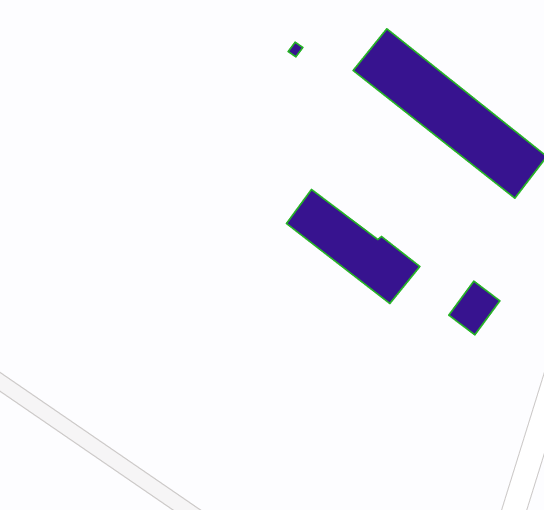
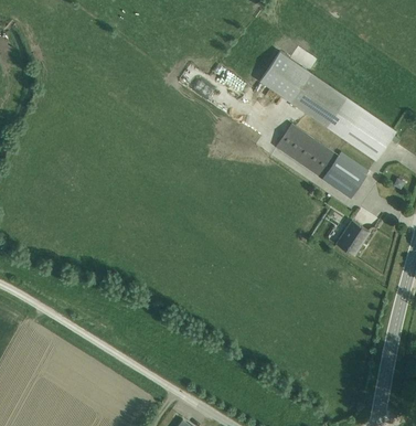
building: [287,190,420,303] -> [276,124,369,198]

